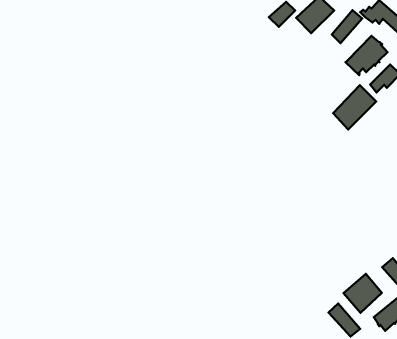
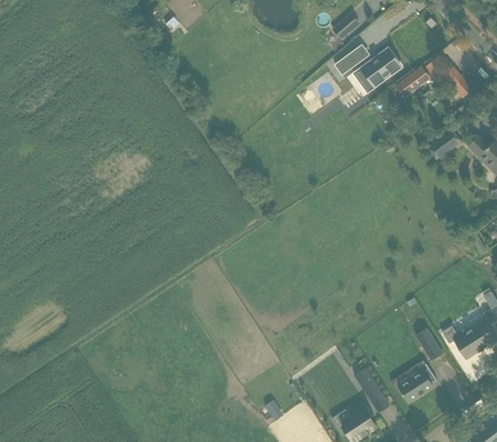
building: [345,36,388,75] -> none
building: [333,85,376,129] -> none
building: [344,274,382,313] -> none

